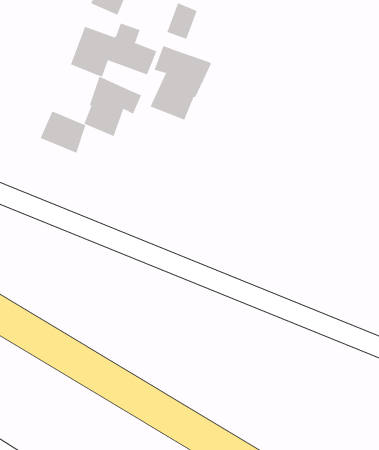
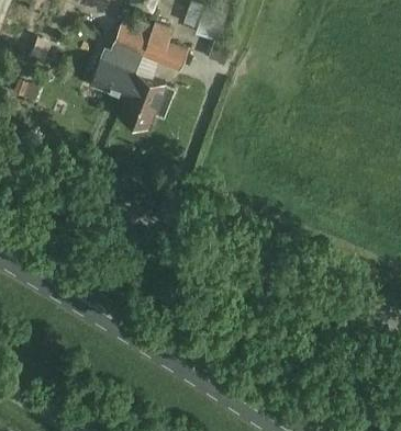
building: [150,45,212,120] -> none
building: [40,111,86,154] -> [90,58,133,98]

